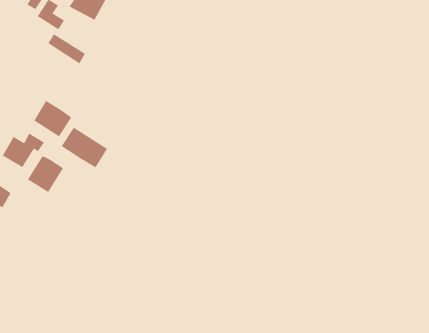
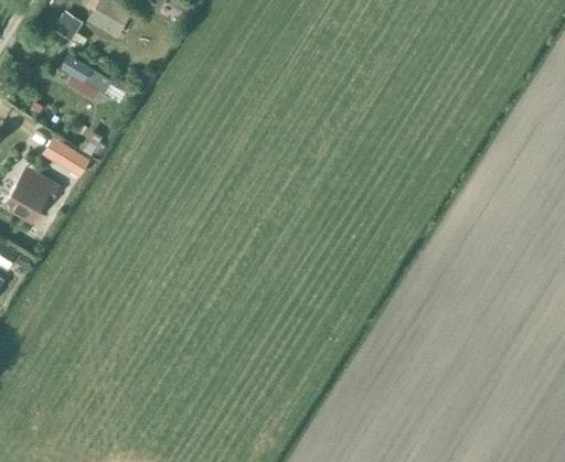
building: [61,127,108,168] -> none
building: [27,156,64,193] -> none

